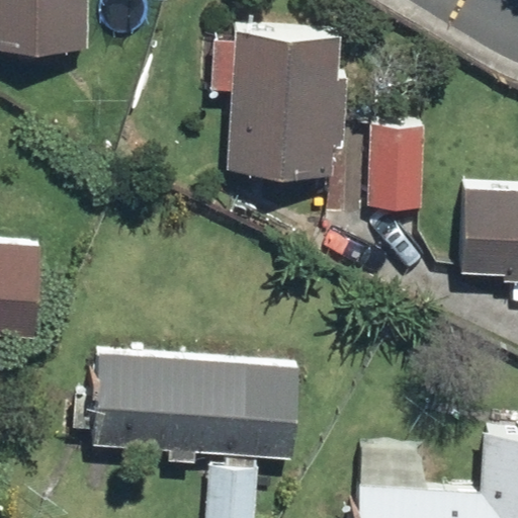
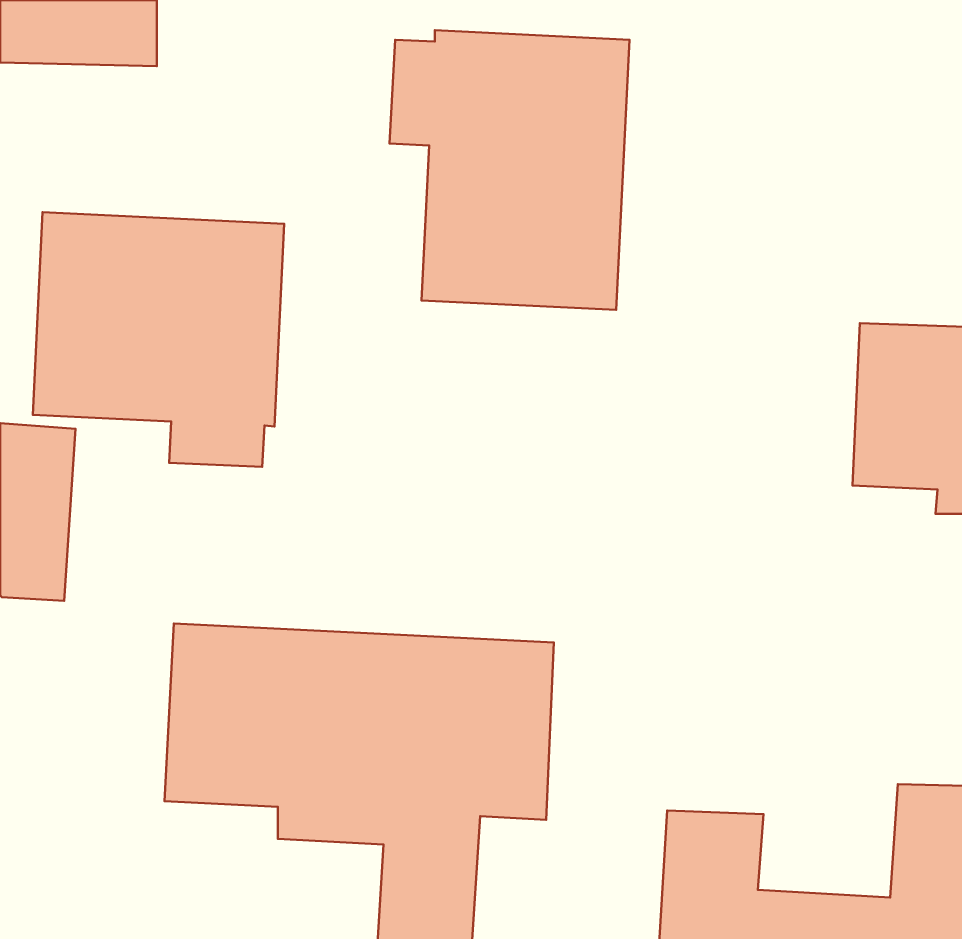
building: [365,122,433,217] -> none
building: none -> [33,212,284,467]

